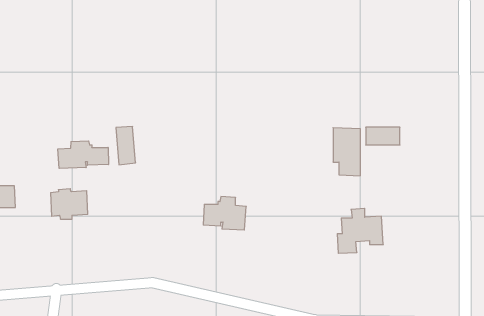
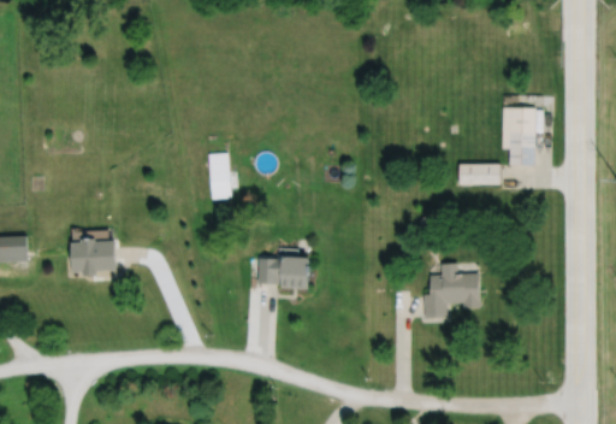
building: [116,127,136,165] -> [208,153,232,200]
building: [333,128,360,176] -> [502,107,535,166]
building: [58,141,108,168] -> none

